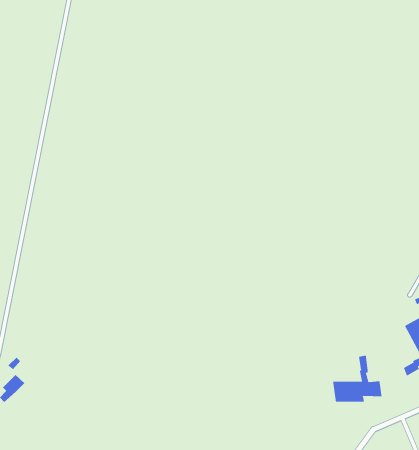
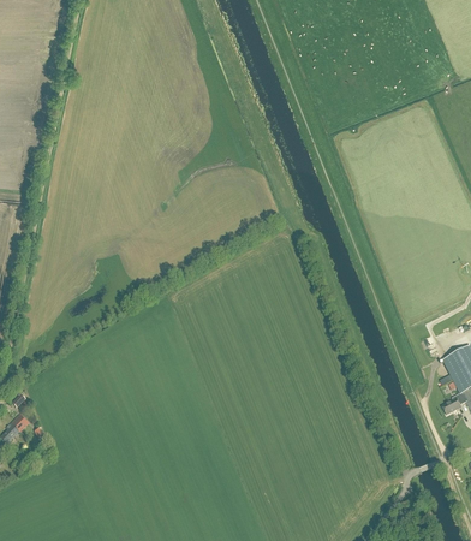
building: [332,355,382,402] -> none

